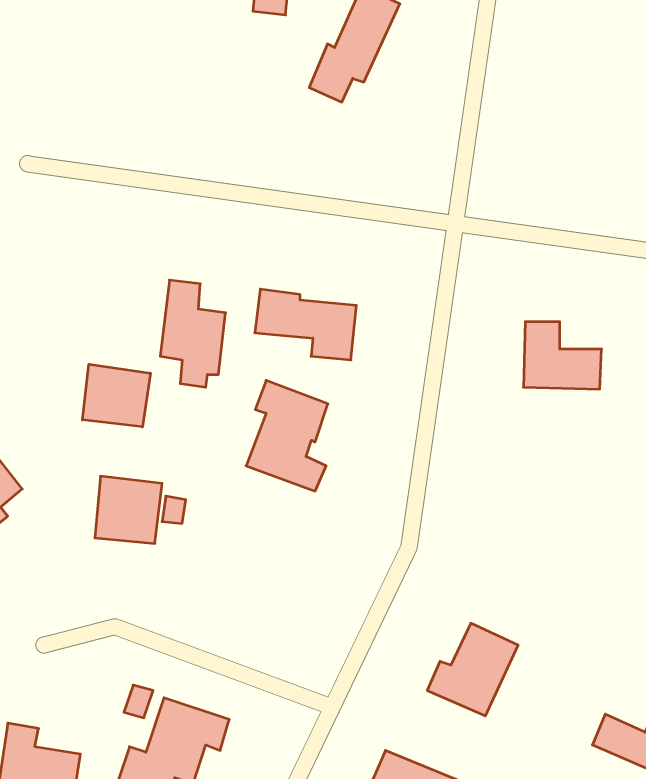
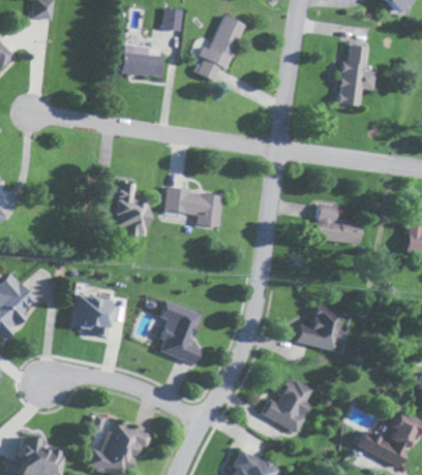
building: none -> [116,44,162,78]
building: none -> [338,44,376,107]
building: [82,364,150,427] -> none
building: [246,380,328,491] -> [153,299,200,362]
building: none -> [295,305,353,349]

